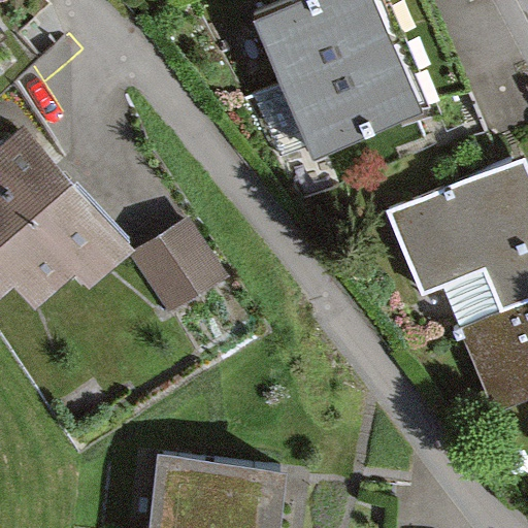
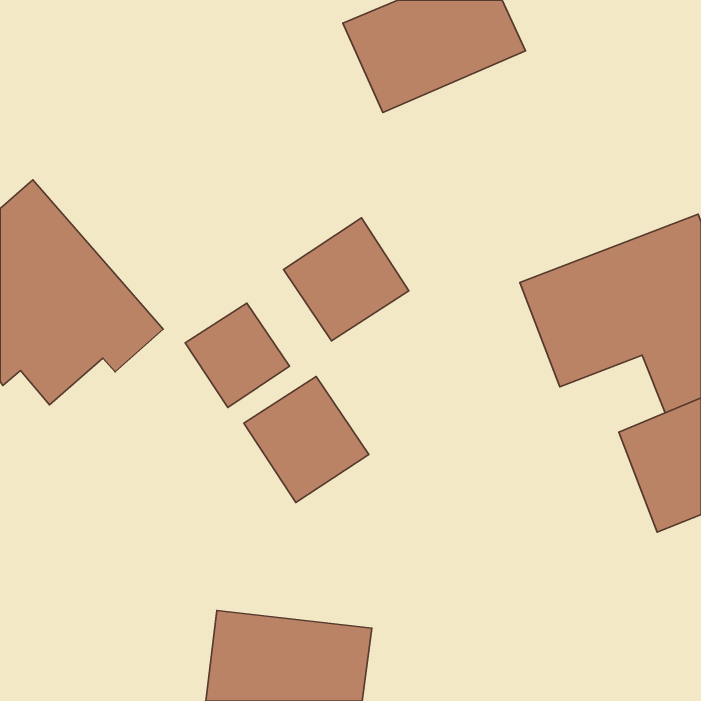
building: [288,38,424,153] -> none
building: none -> [283,218,409,341]
building: none -> [244,377,369,503]

